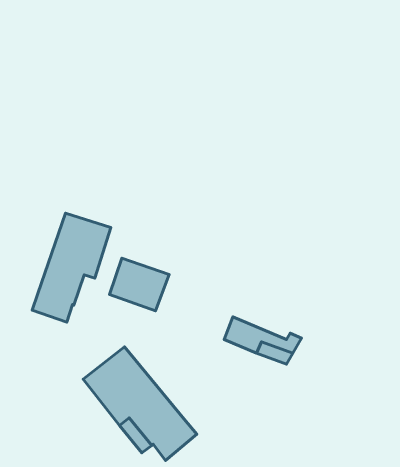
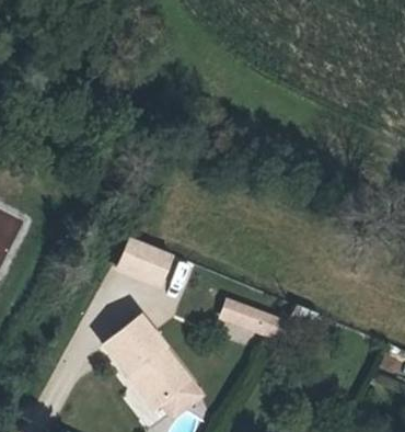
building: [32,213,111,322] -> none

